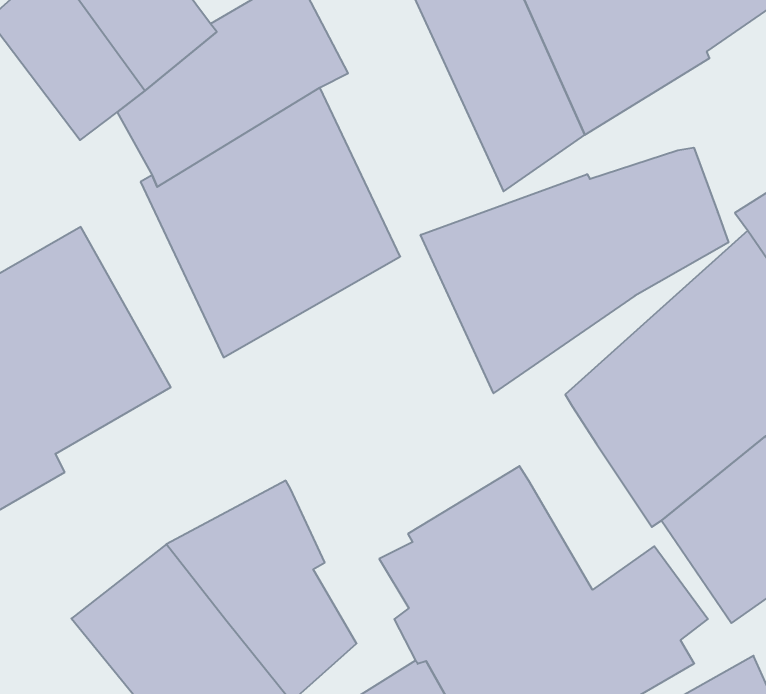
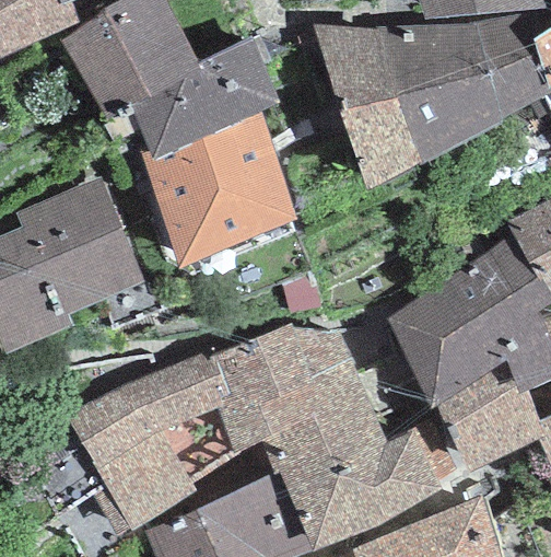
building: [421,148,728,393] -> none
building: none -> [210,324,353,456]

